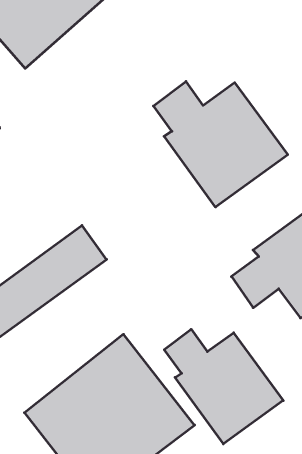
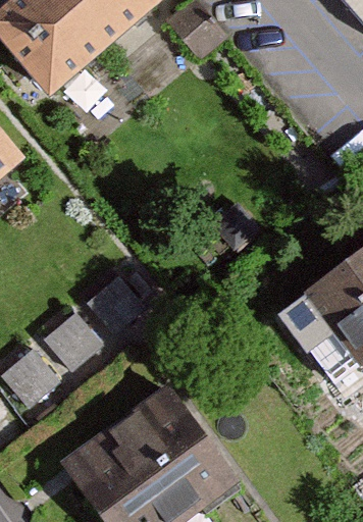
building: [153,81,288,207] -> none
building: [164,329,283,444] -> none

